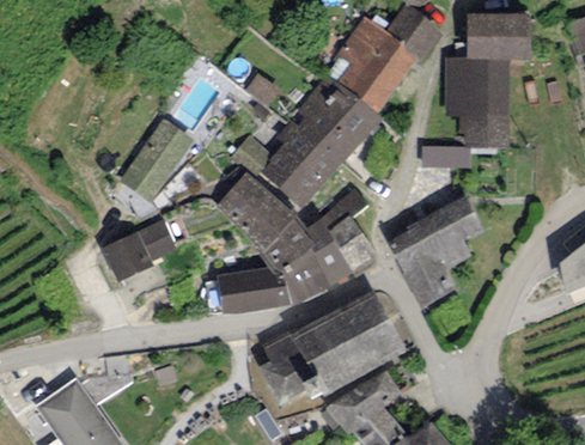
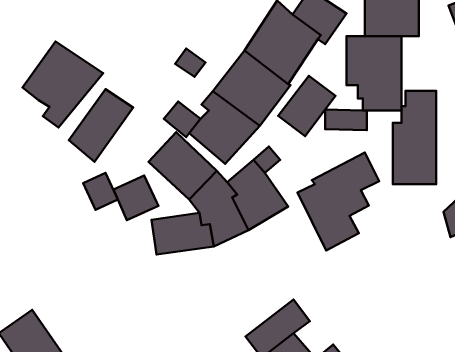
building: none -> [22,41,103,128]
building: none -> [278,76,335,136]
building: none -> [393,91,436,184]
building: [100,231,153,284] -> [114,175,158,220]
building: [255,289,408,408] -> none

